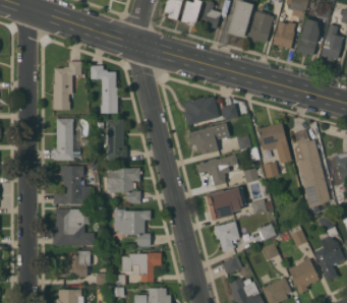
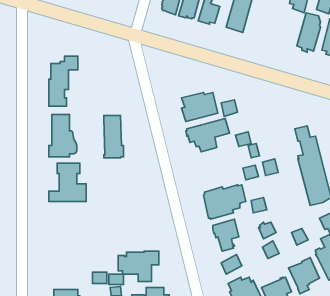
building: [247,11,273,43] -> none
building: [273,21,295,49] -> none
building: [91,65,117,113] -> none
building: [257,123,291,163] -> none
building: [196,157,230,186] -> none
building: [106,168,141,203] -> none
building: [52,208,94,245] -> none
building: [114,209,151,245] -> none
building: [57,250,91,277] -> none

